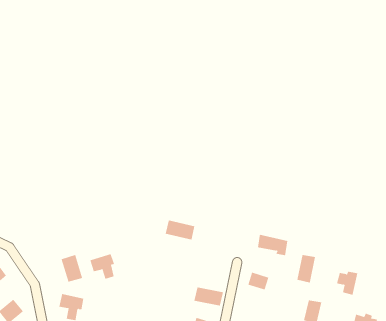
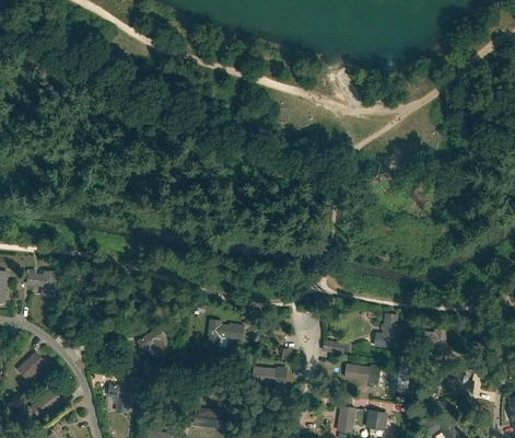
building: none -> [37,272,56,298]
building: [165,220,195,240] -> [213,323,247,344]
building: [257,234,288,256] -> [346,364,381,385]
building: [61,254,83,283] -> none

